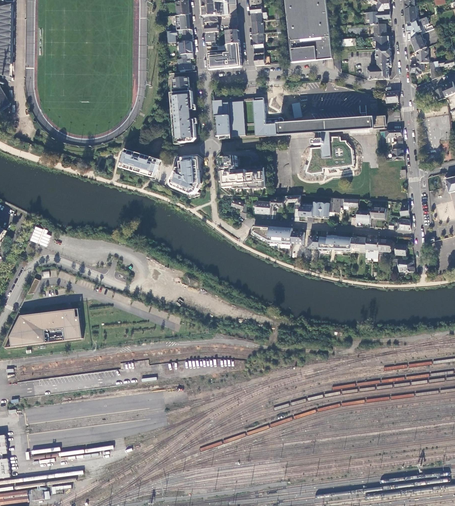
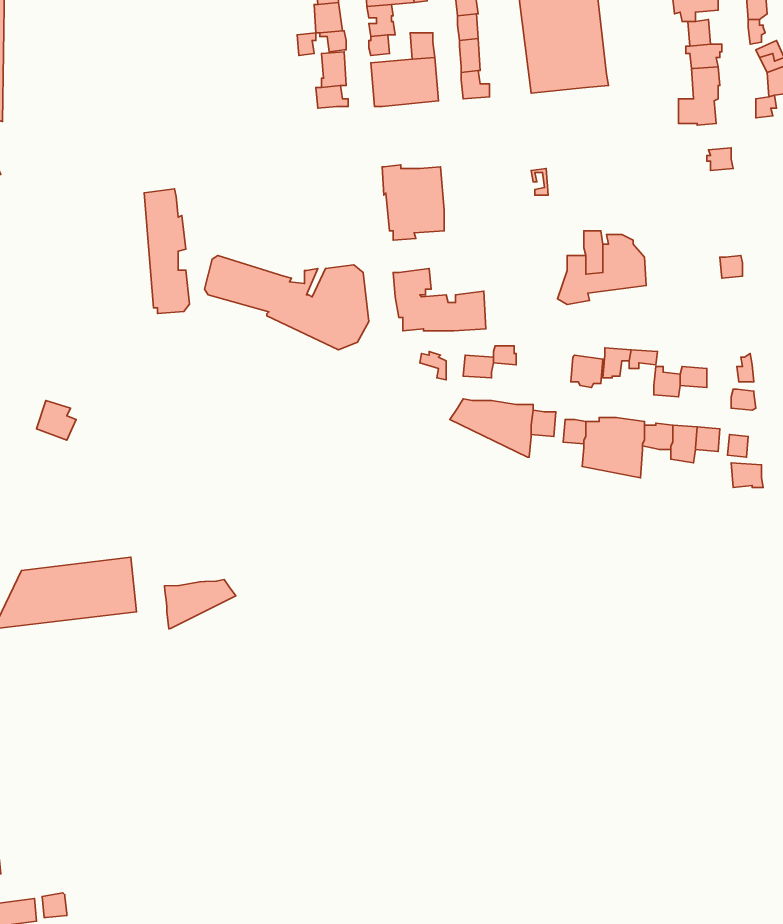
building: [172,75,196,141] -> [144,189,190,313]
building: [252,97,385,135] -> none
building: none -> [165,579,236,629]

